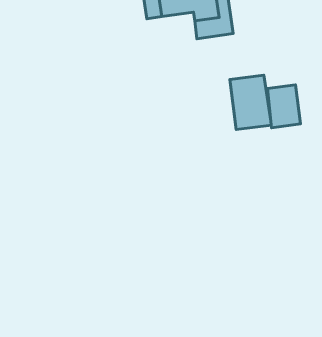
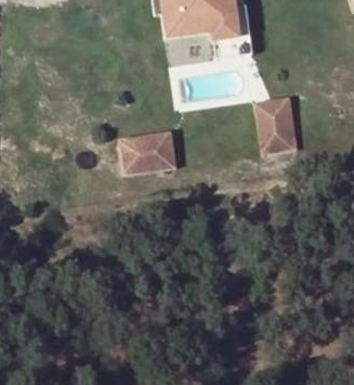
building: [267,85,300,128] -> none
building: none -> [116,130,172,172]

